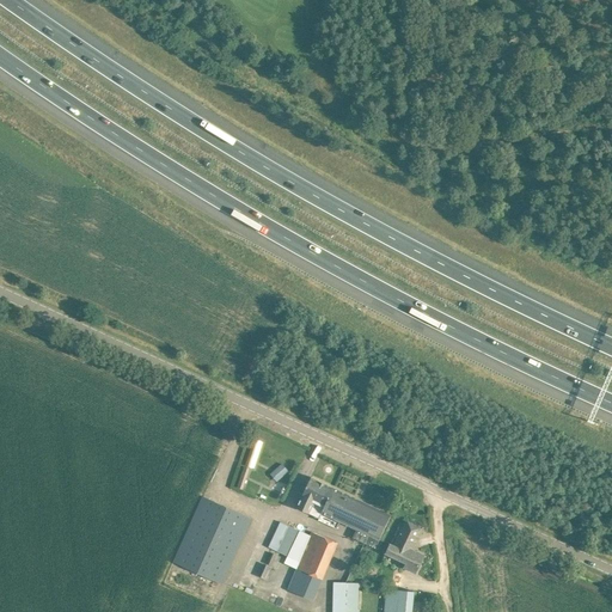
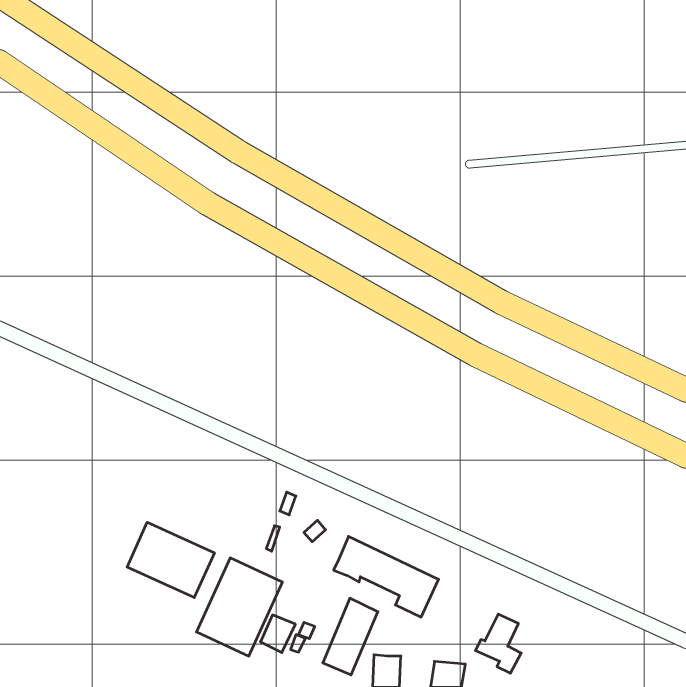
building: none -> [127,522,214,598]
building: [384,521,424,574] -> [475,614,521,673]
building: [268,522,299,556] -> [260,615,295,653]

